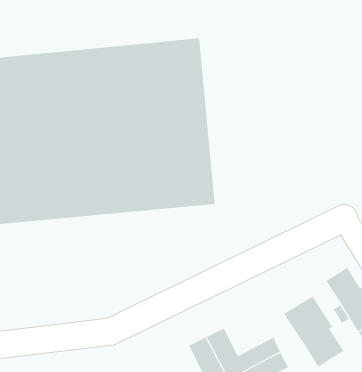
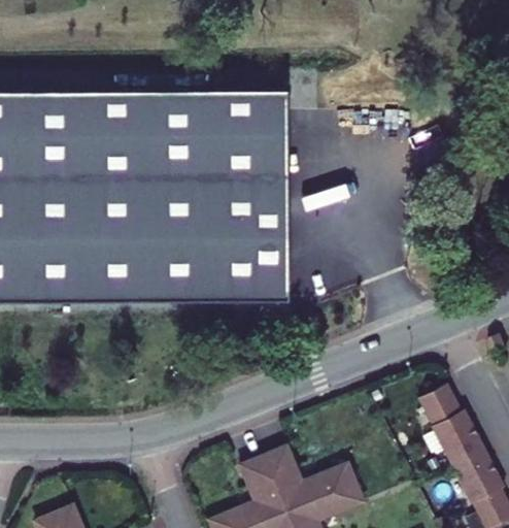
building: [283,295,344,368] -> none

